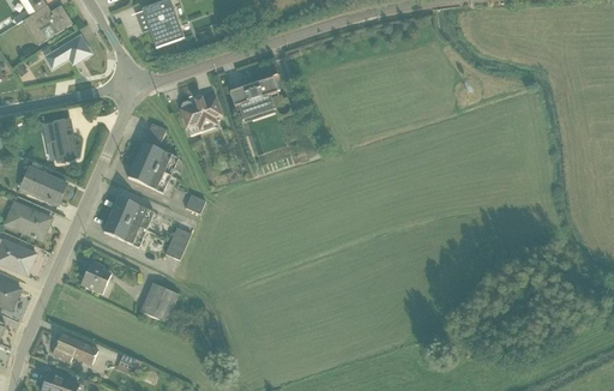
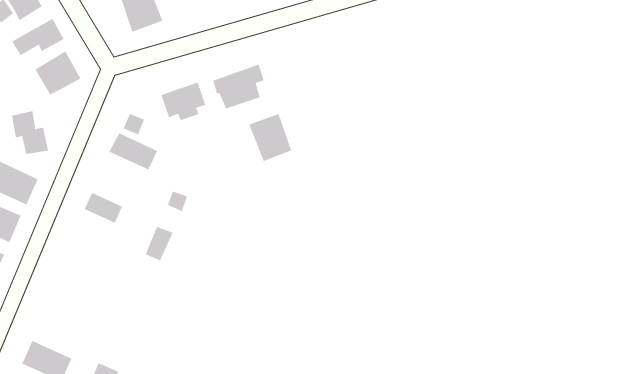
building: none -> [35,51,81,96]
building: none -> [249,113,292,162]
building: [125,157,169,191] -> none
building: [101,210,138,242] -> none
building: [77,259,113,295] -> none
building: [139,281,179,321] -> none

